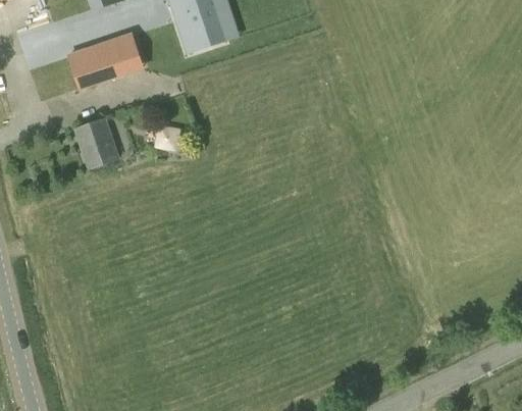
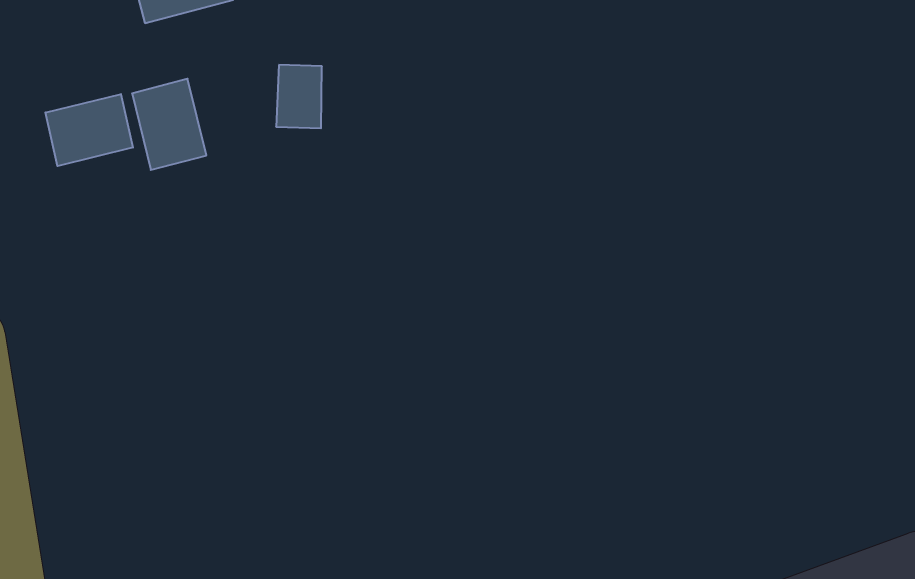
building: none -> [45,94,133,166]

